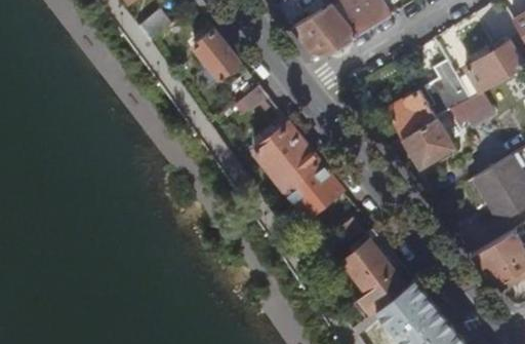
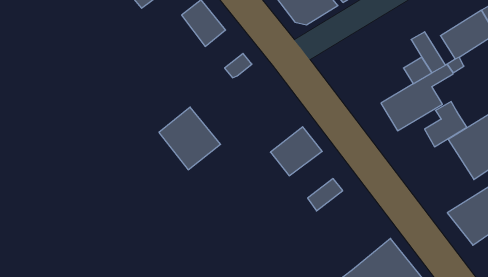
building: [392,91,436,139] -> [425,102,467,147]
building: [255,124,320,190] -> [159,107,221,170]
building: [342,229,406,313] -> none

